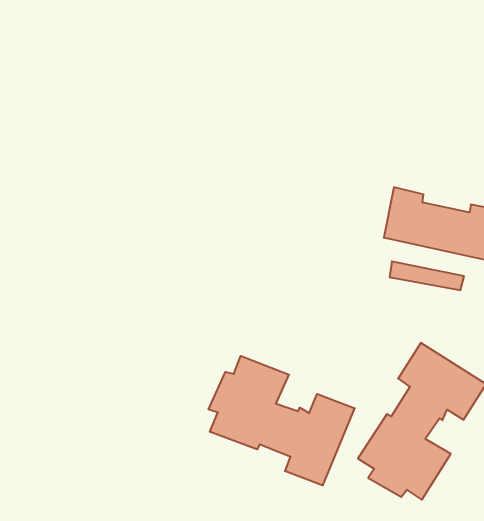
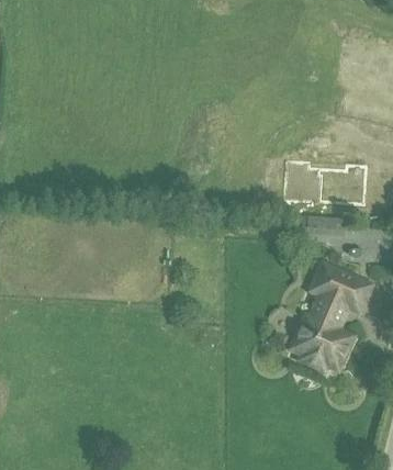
building: [208,356,355,485] -> none

